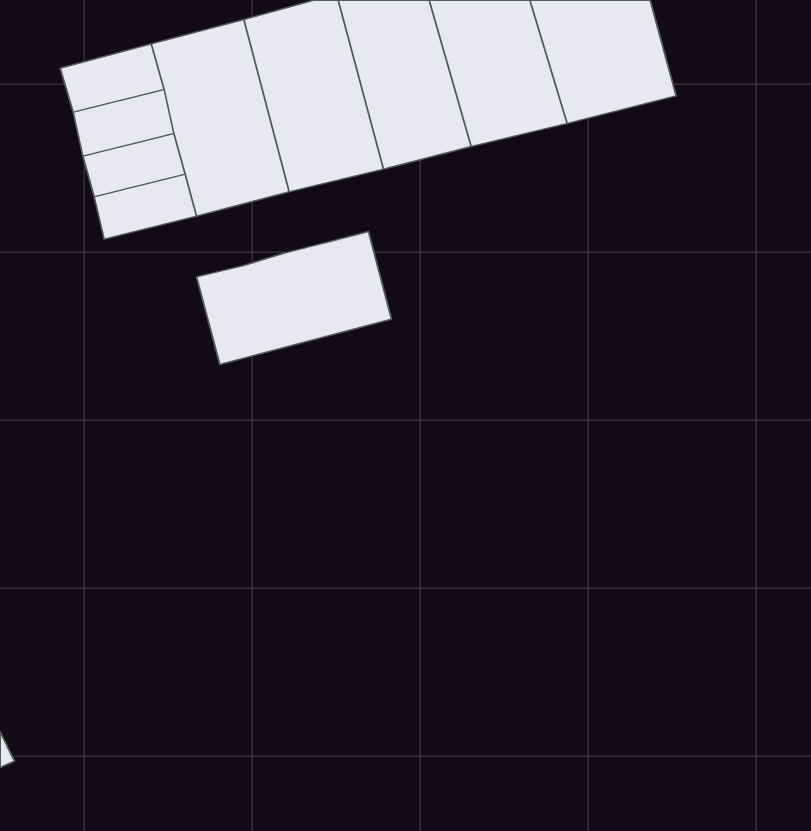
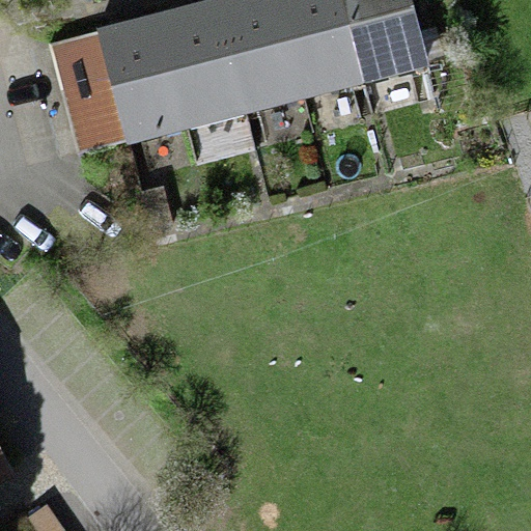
building: [196,232,392,365] -> none

